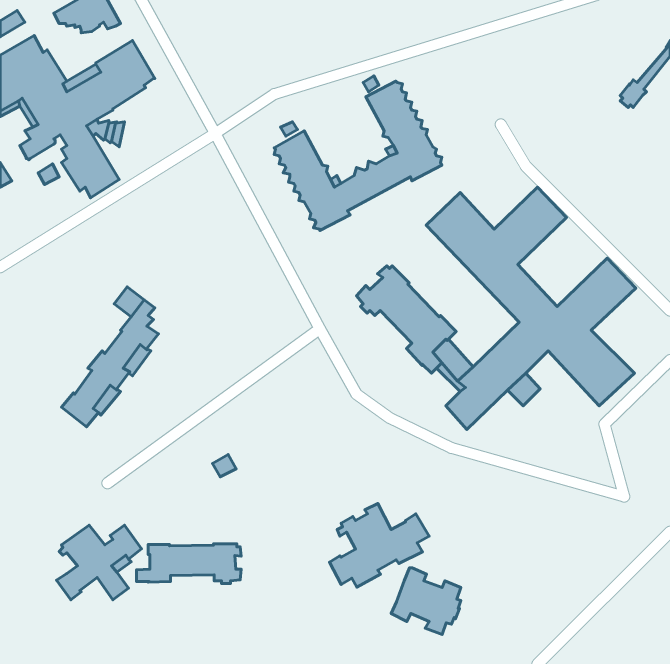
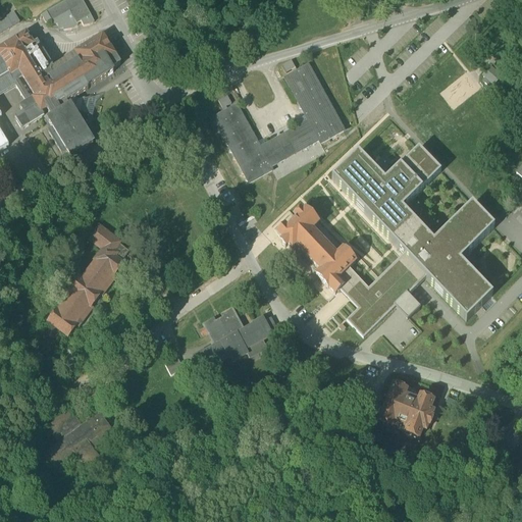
building: [329,503,429,587] -> [195,307,272,372]
building: [137,544,241,584] -> none
building: [391,568,461,635] -> [378,383,432,435]

